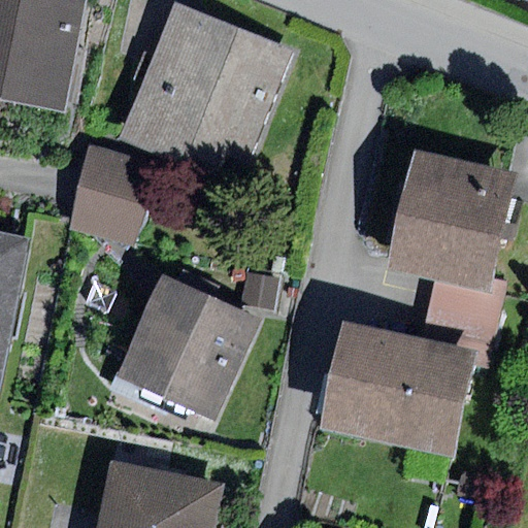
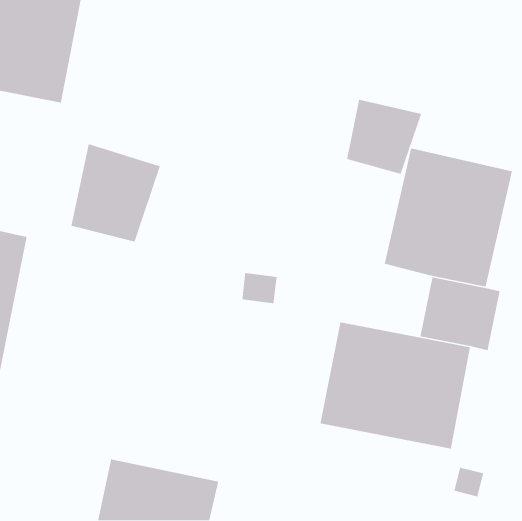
building: [121,4,293,186] -> none
building: none -> [346,99,422,175]
building: [113,272,263,423] -> none

